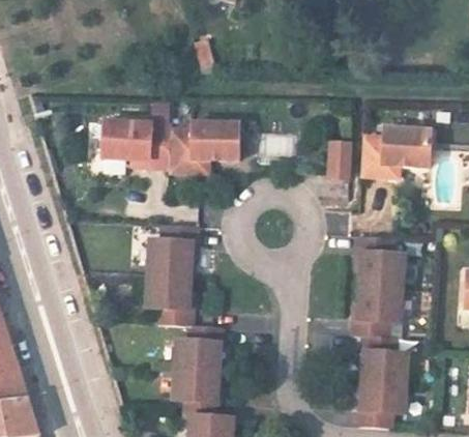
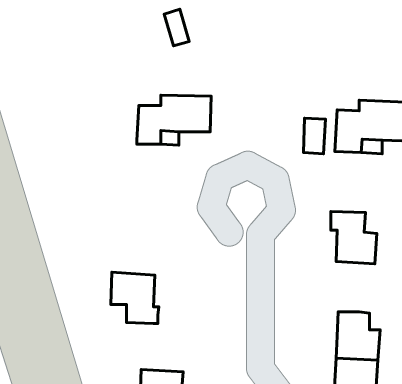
building: [99,116,168,163] -> none
building: [141,244,192,296] -> none
building: [352,283,401,332] -> none
building: [170,344,213,391] -> none

